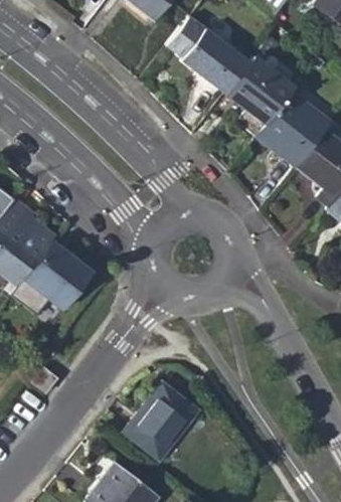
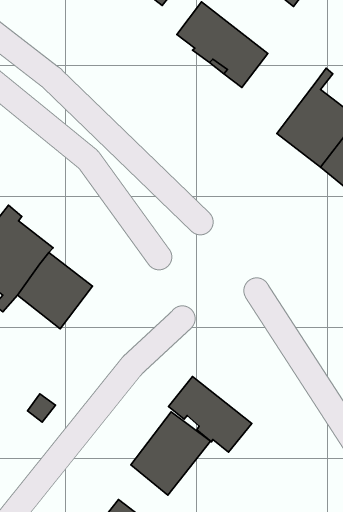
building: [225,55,293,135] -> none
building: none -> [168,377,252,452]

